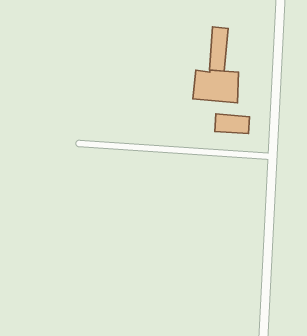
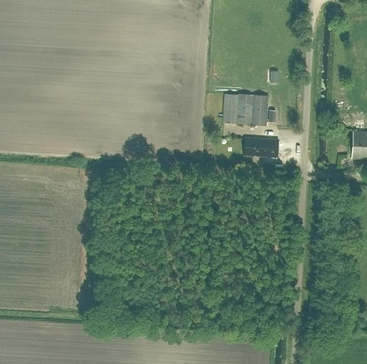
building: [210,27,228,71] -> none

